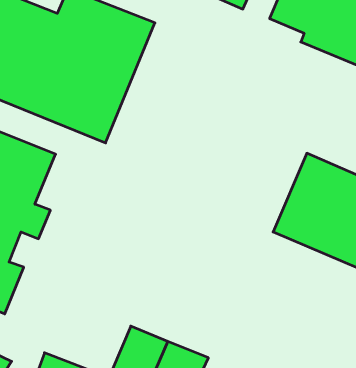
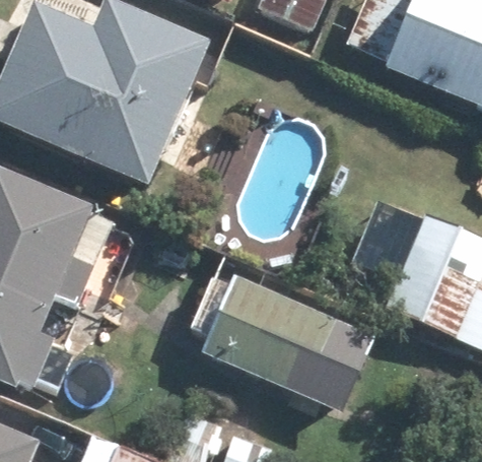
building: none -> [202,274,374,408]

